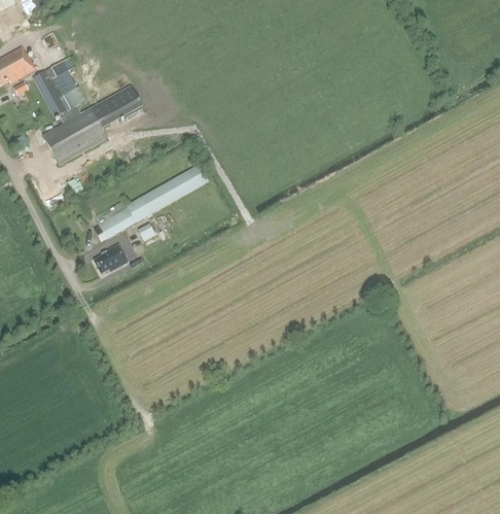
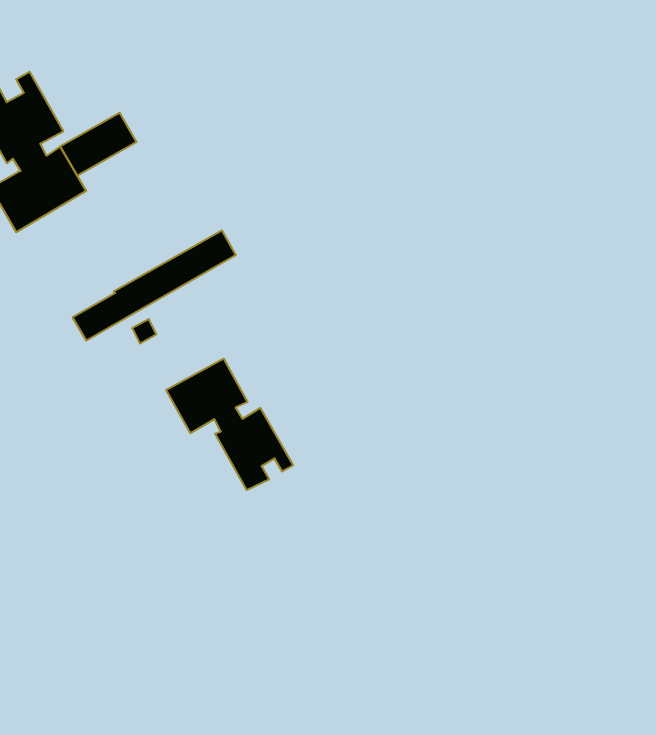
building: [94,243,127,273] -> none
building: none -> [166,359,293,490]

